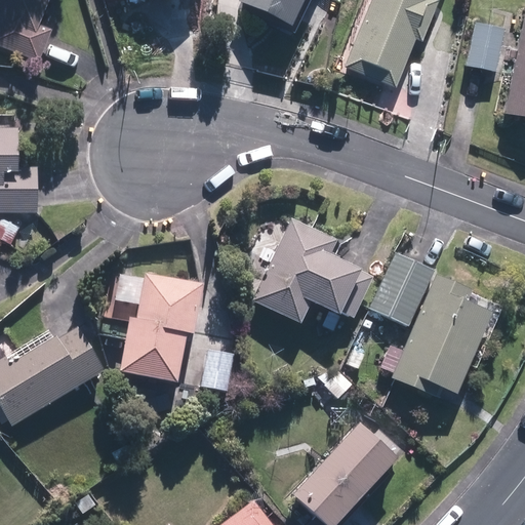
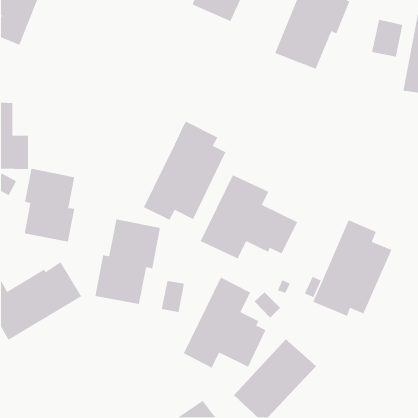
building: none -> [143,120,226,221]
building: none -> [24,168,75,243]
building: [370,251,435,326] -> none
building: none -> [183,276,267,369]

